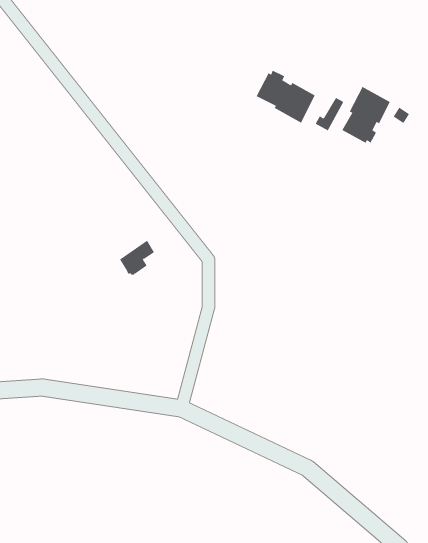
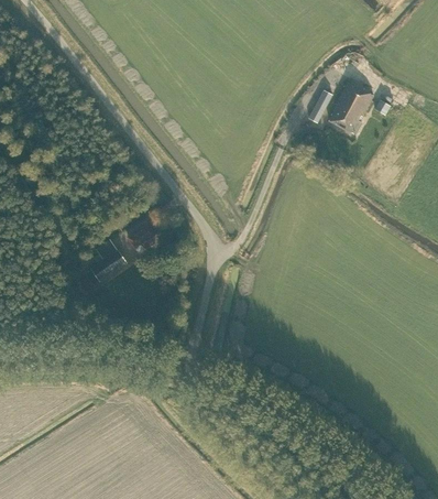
building: [256,70,315,123] -> none
building: none -> [88,240,128,285]

